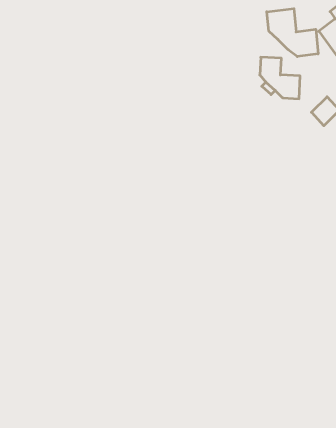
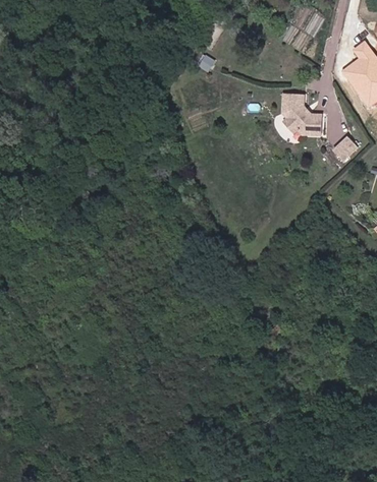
building: [267,9,318,57] -> none

